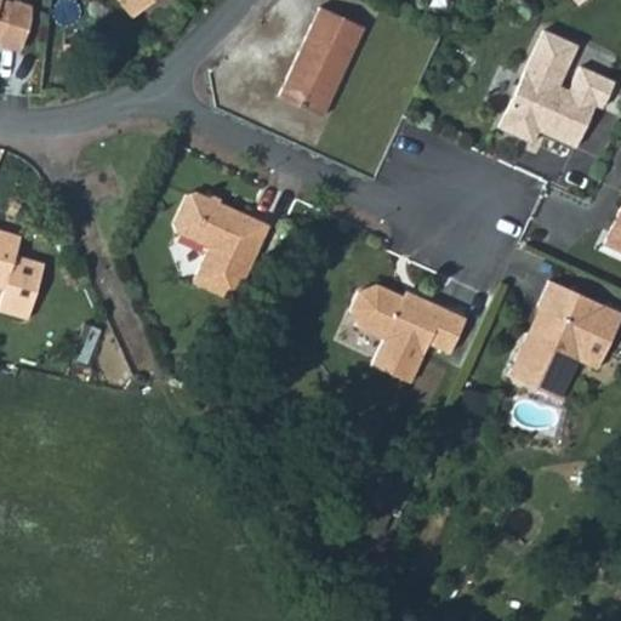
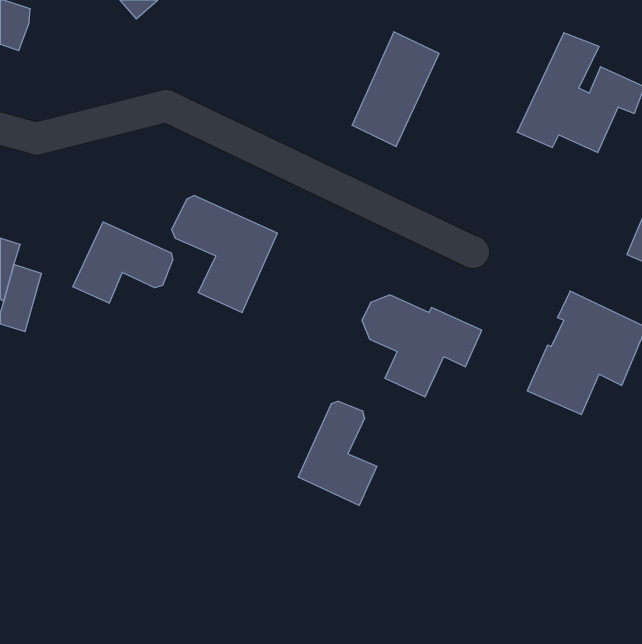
building: [280,6,364,116] -> [352,32,439,147]
building: none -> [73,222,173,303]
building: none -> [298,401,377,505]

